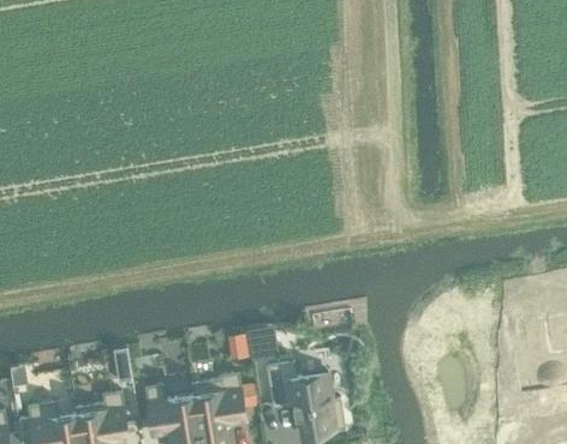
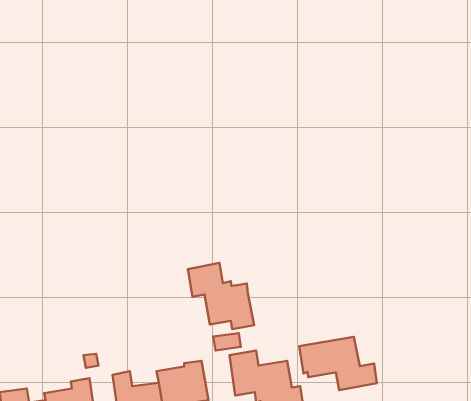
building: none -> [188,263,254,329]
building: none -> [299,337,377,390]

